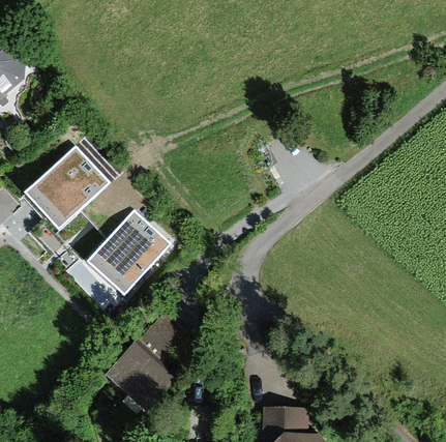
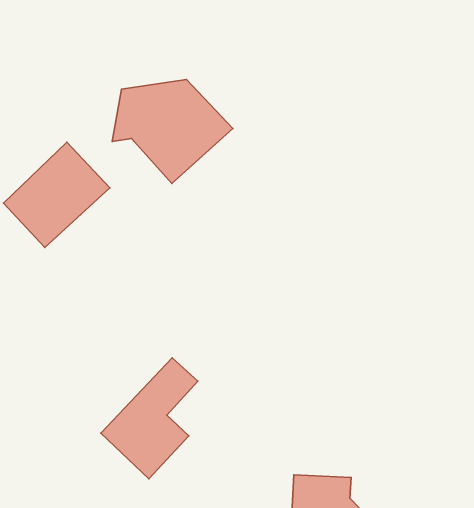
building: none -> [112,79,233,183]
building: [88,208,174,296] -> none

